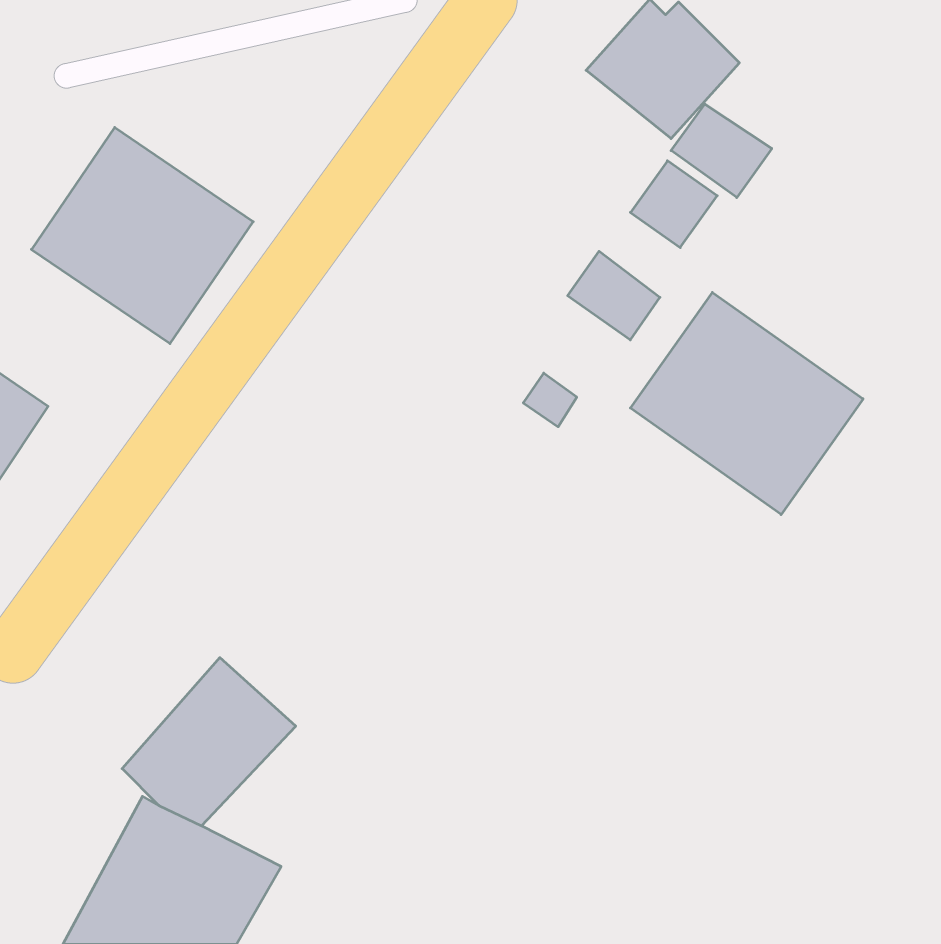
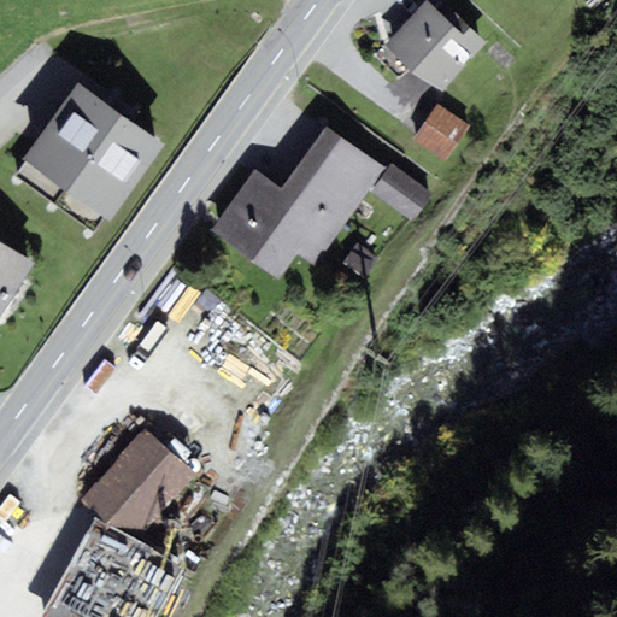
building: [671,104,772,198] -> none
building: none -> [210,125,384,280]
building: [630,292,863,515] -> none

